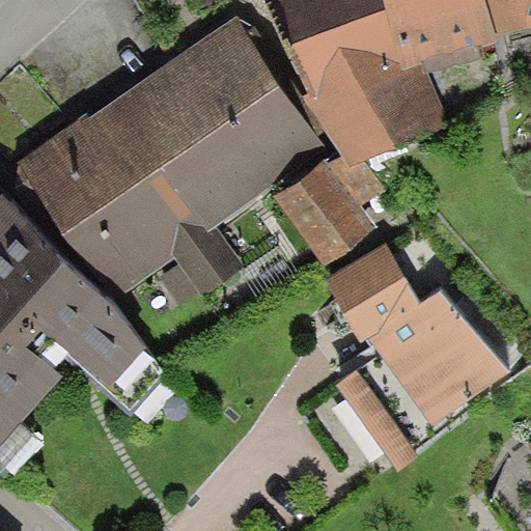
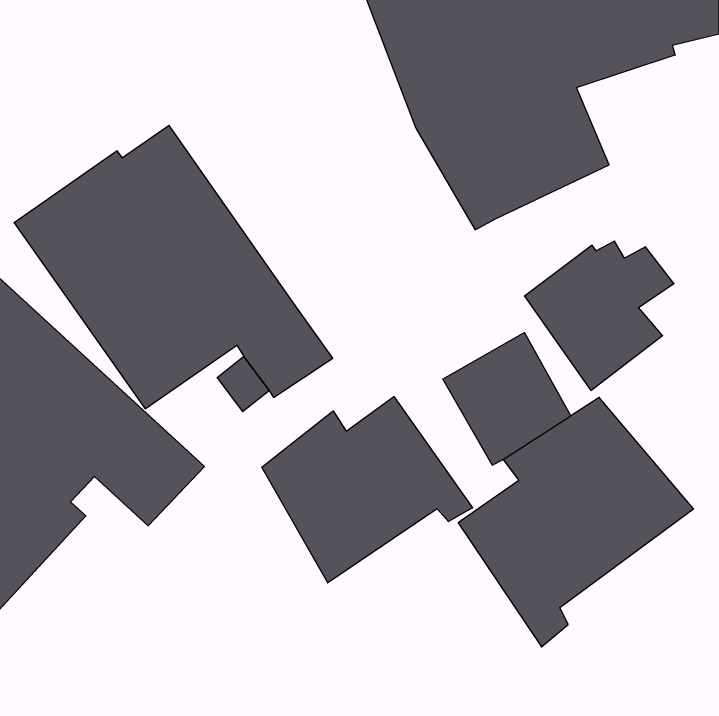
building: [124,15,328,224] -> none
building: [276,157,386,267] -> [524,241,674,390]
building: none -> [262,397,473,583]

